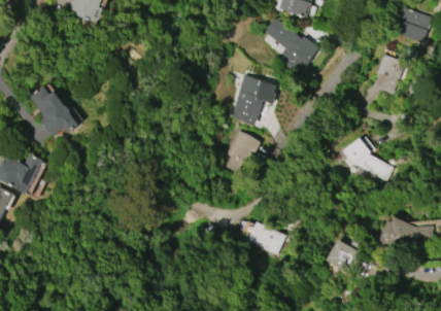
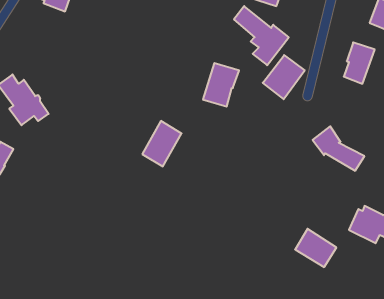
building: none -> [263,55,305,99]
building: [219,130,259,175] -> [142,121,182,166]
building: [245,221,283,257] -> none

